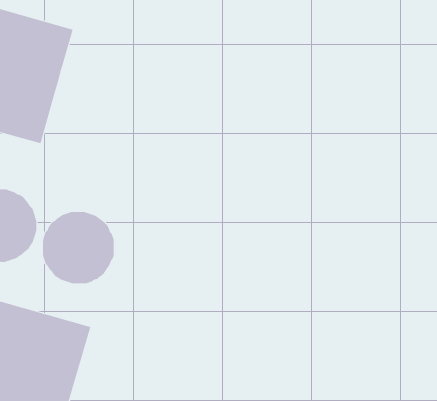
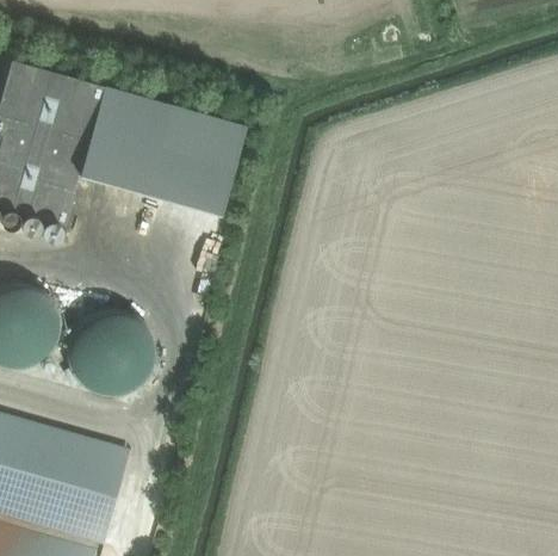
building: none -> [80,86,247,215]

